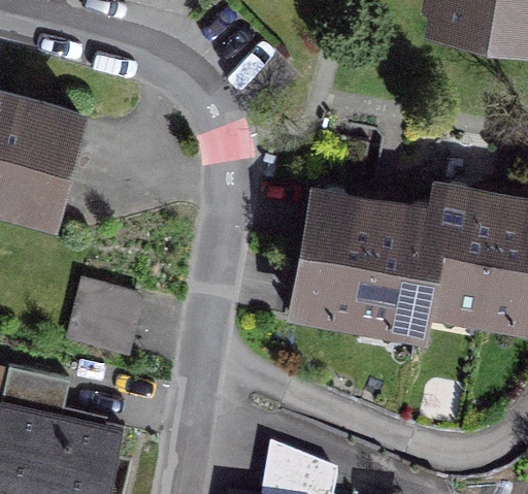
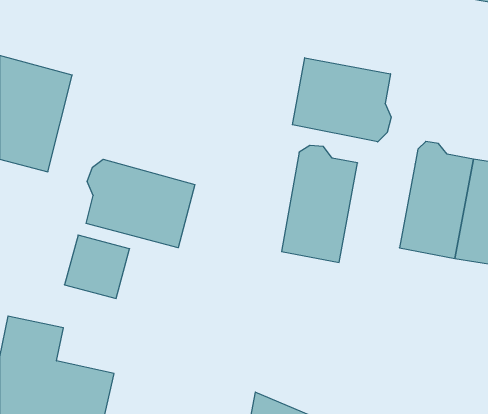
building: none -> [292,58,391,142]
building: none -> [86,159,195,248]
building: [360,205,440,325] -> none

